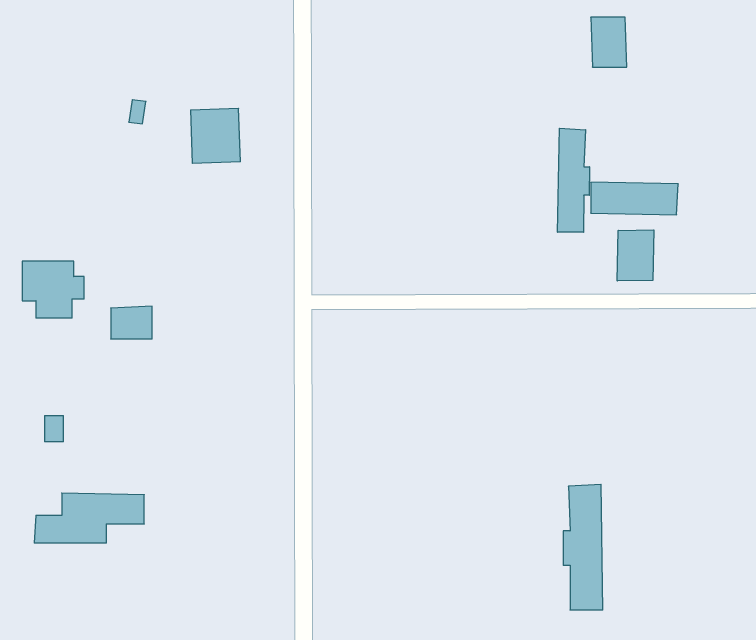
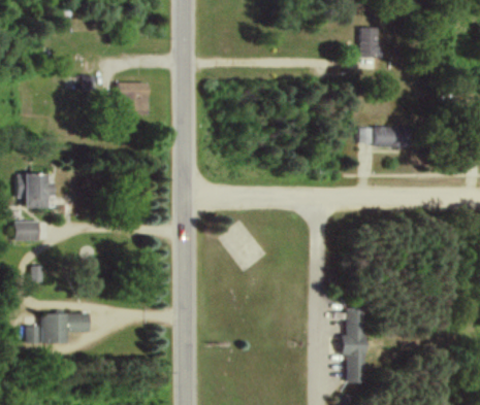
building: [558,128,589,232] -> none
building: [617,230,654,281] -> none
building: [111,306,152,339] -> [14,222,39,241]

